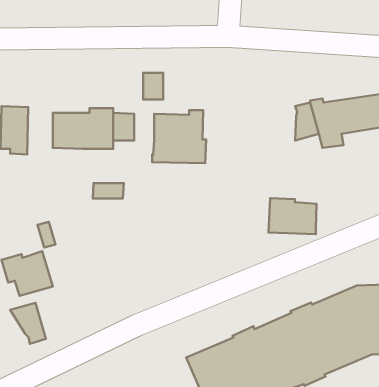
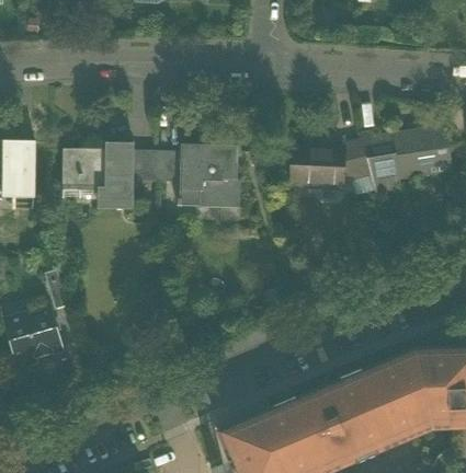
building: [143,73,163,99] -> [158,151,181,182]
building: [93,183,124,198] -> [98,192,134,209]
building: [268,198,317,234] -> [289,147,345,188]
building: [10,303,46,344] -> none

